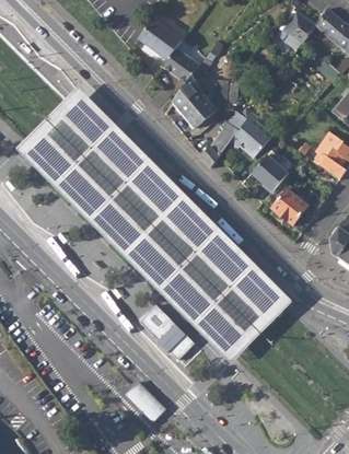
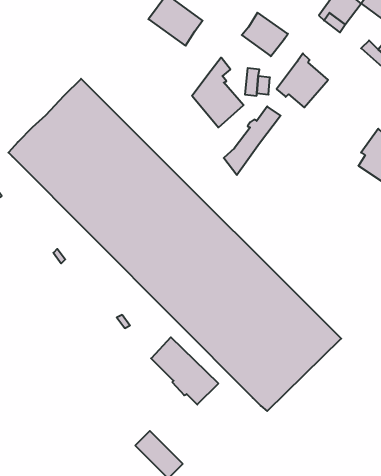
building: [163,49,201,85] -> [242,13,288,56]
building: [230,113,272,158] -> [277,53,328,107]
building: [251,150,288,193] -> none
building: [271,189,307,224] -> none

